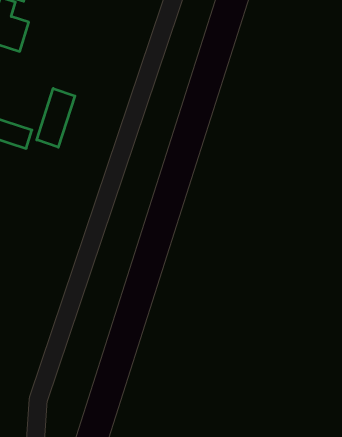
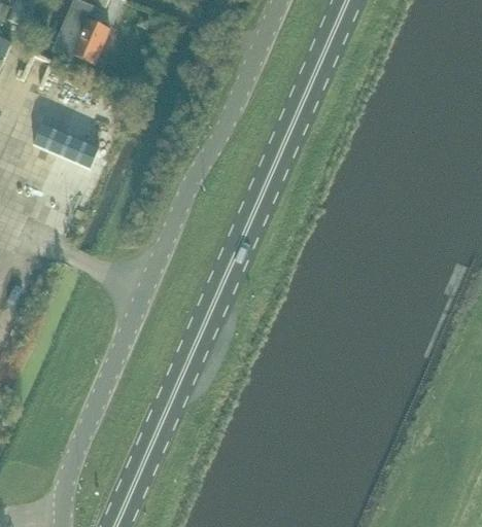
building: [37,88,75,147] -> none

